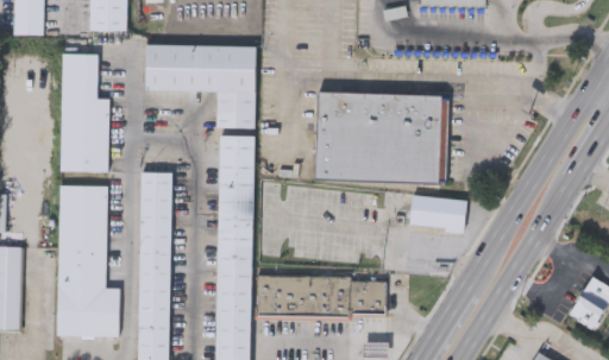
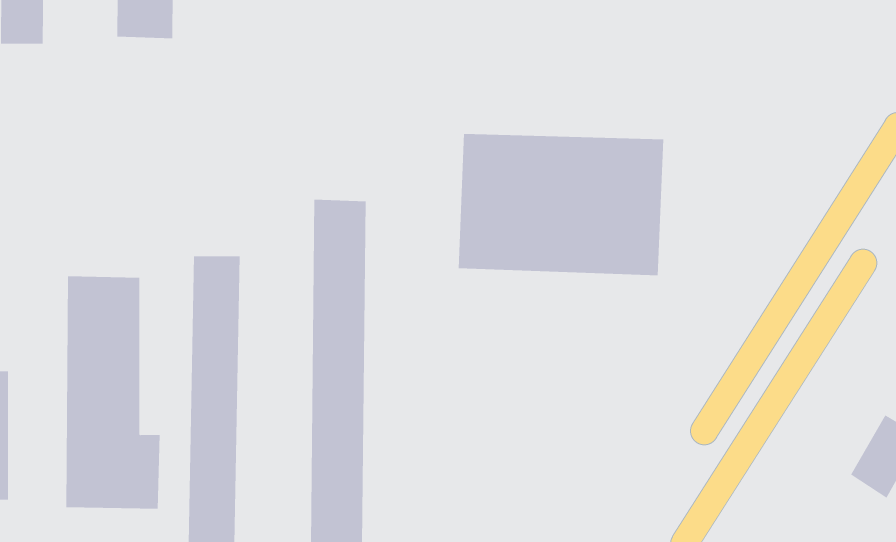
building: [144,44,256,130] -> none
building: [61,53,108,171] -> none
building: [408,194,467,234] -> none
building: [256,276,385,318] -> none

